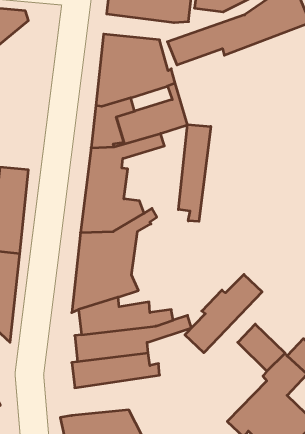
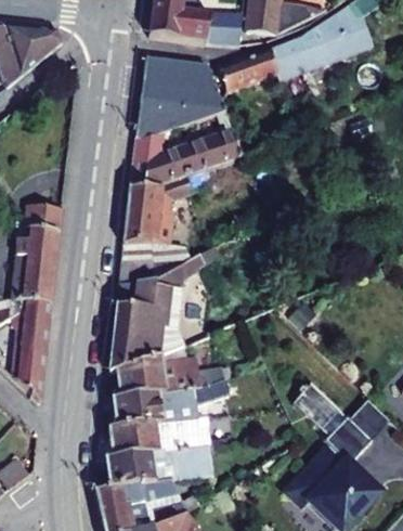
building: [178,124,211,221] -> none
building: [185,274,262,353] -> none
building: none -> [106,441,212,487]

